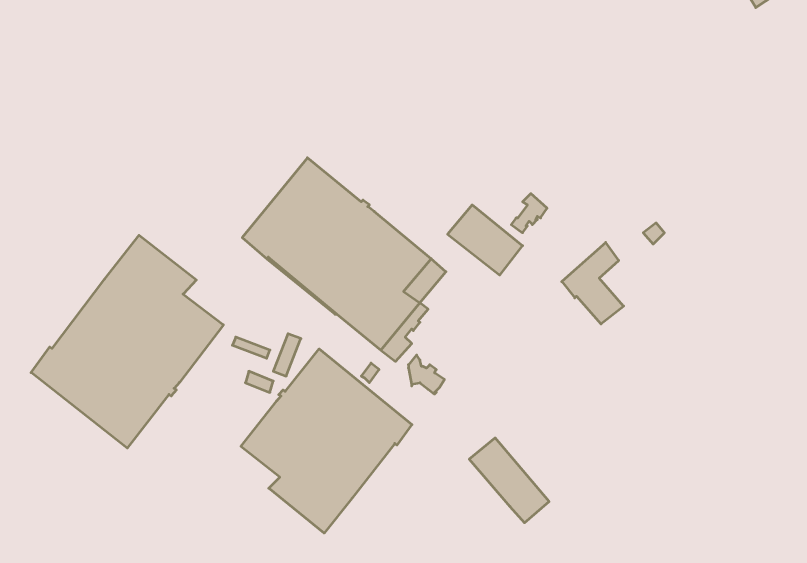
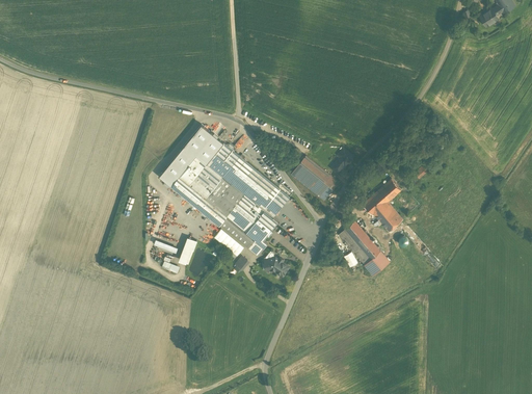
building: [31,235,223,448] -> none
building: [241,349,412,533] -> none
building: [469,438,549,523] -> [337,219,388,273]

